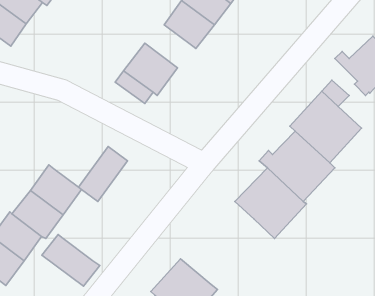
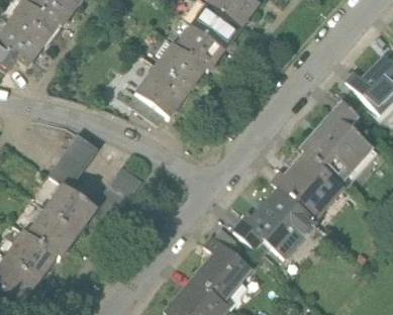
building: none -> [159,42,206,88]
building: none -> [48,132,99,188]
building: none -> [232,216,267,249]
building: none -> [194,235,252,302]
building: [42,235,100,286] -> none

